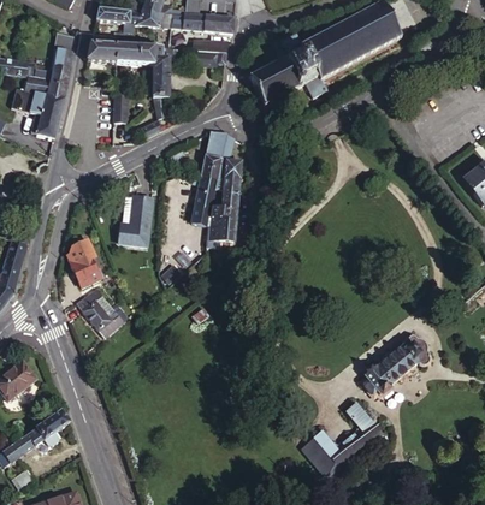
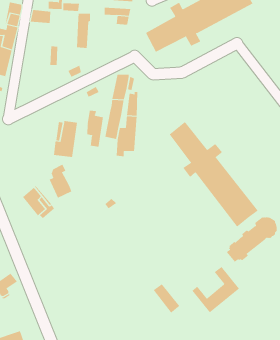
building: [117,44,155,64] -> none
building: none -> [87,110,103,147]
building: none -> [169,121,258,227]
building: [70,239,102,287] -> [49,164,72,198]
building: [301,435,339,477] -> [153,283,180,313]

